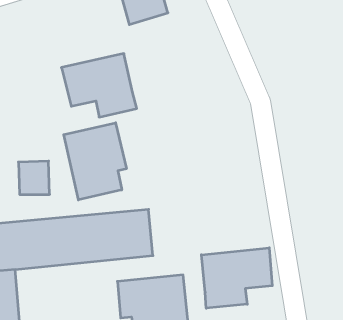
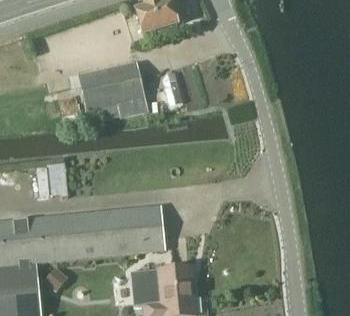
building: [64,123,126,200] -> none
building: [201,248,272,308] -> none

